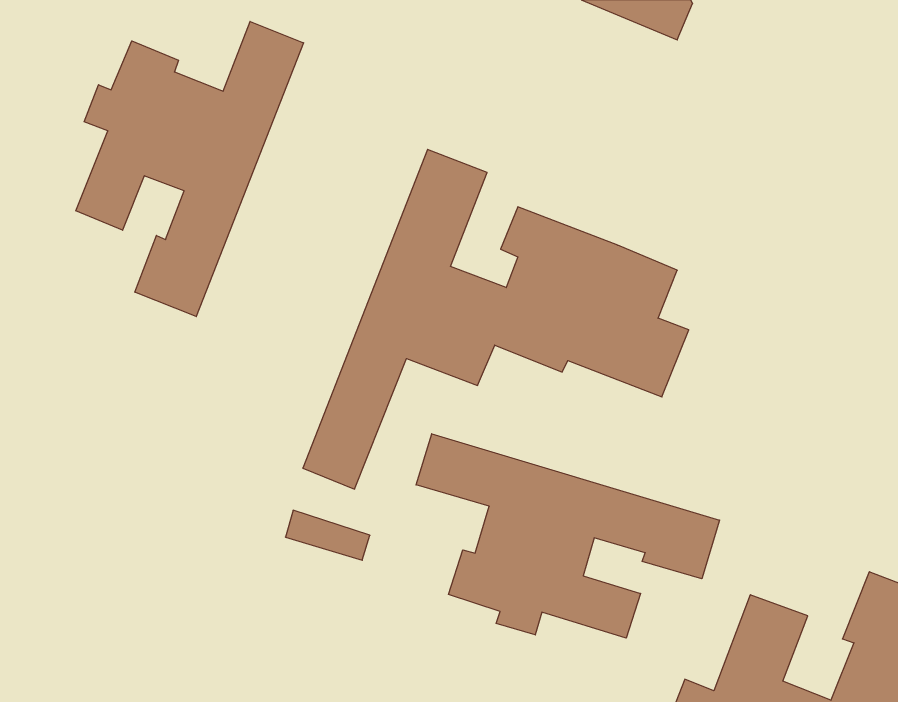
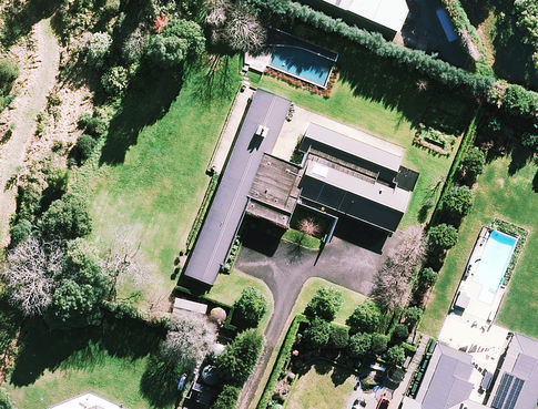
building: [76,21,304,317] -> none
building: [416,434,720,638] -> none

